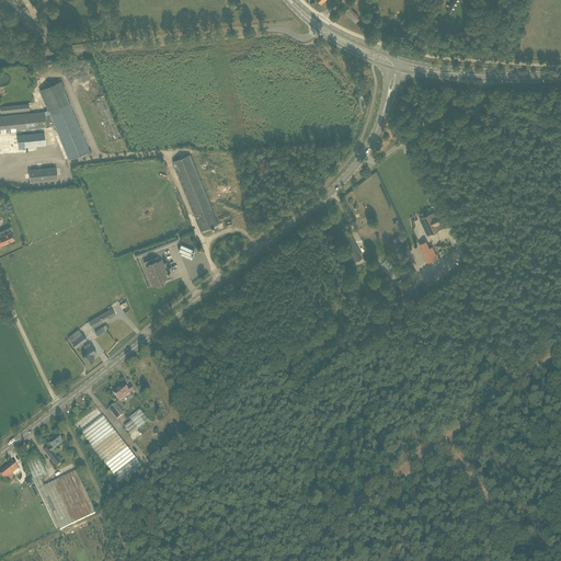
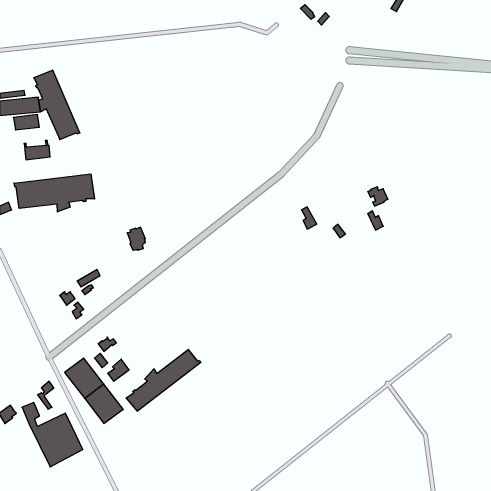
building: [172,154,217,230] -> none
building: none -> [14,174,95,212]
building: none -> [126,349,201,411]

